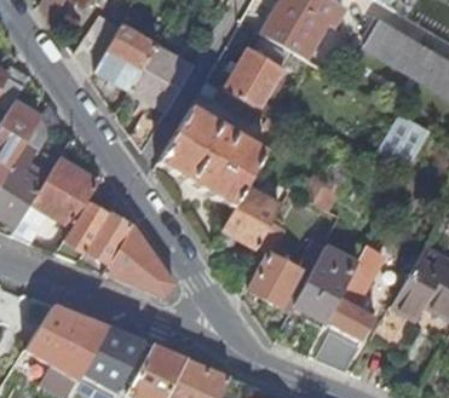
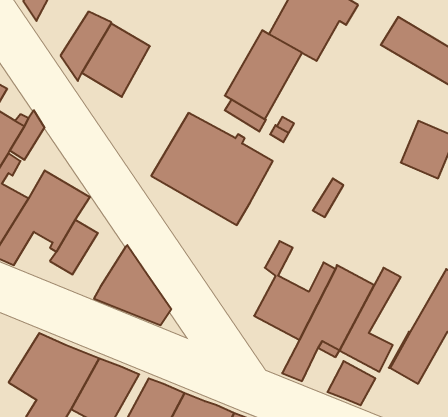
building: [129,45,192,151] -> none
building: [223,186,281,248] -> none
building: [82,212,133,263] -> none

